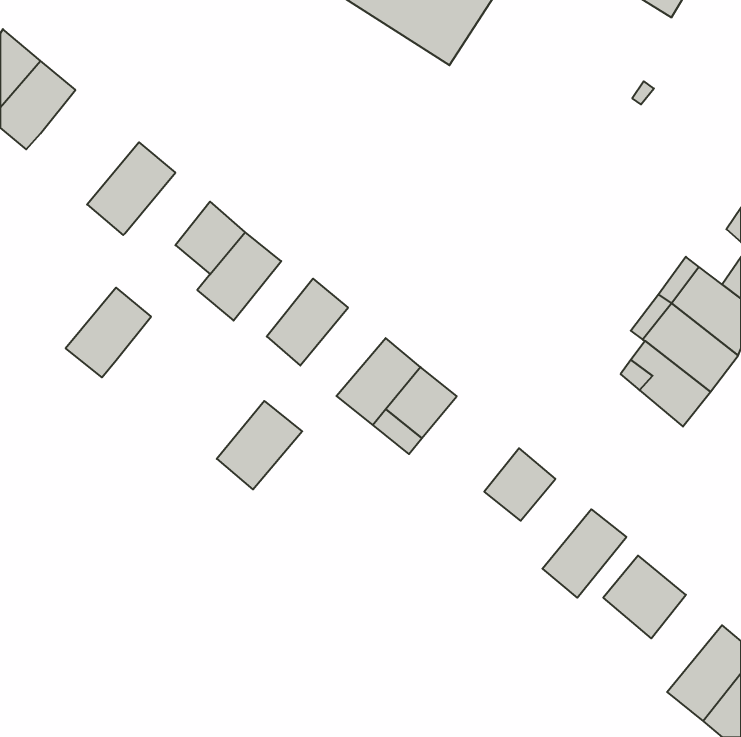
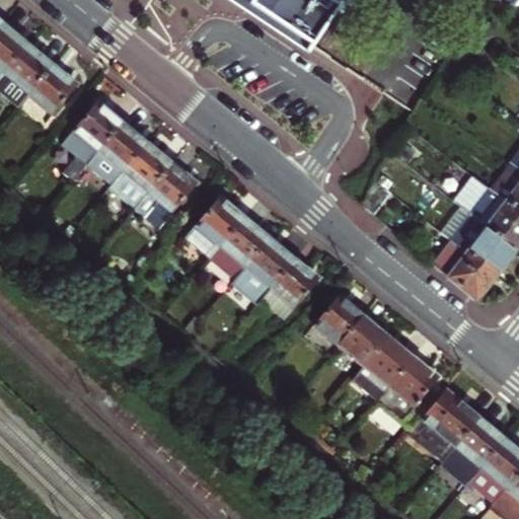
building: none -> [28,63,78,114]
building: [66,288,151,377] -> [87,121,147,183]
building: [217,401,302,489] -> [210,215,270,277]
building: none -> [314,294,363,344]
building: none -> [352,335,414,399]
building: none -> [438,416,505,487]

